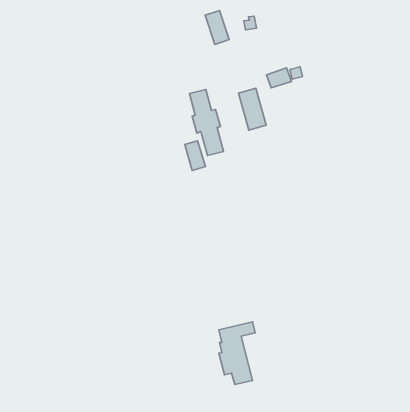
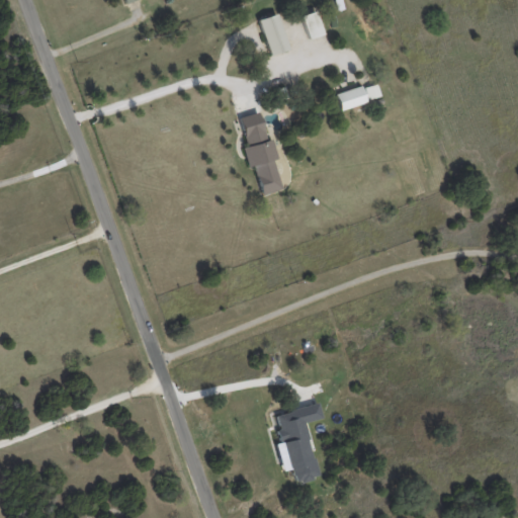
building: [238,88,266,130] -> none
building: [185,141,206,170] -> none

